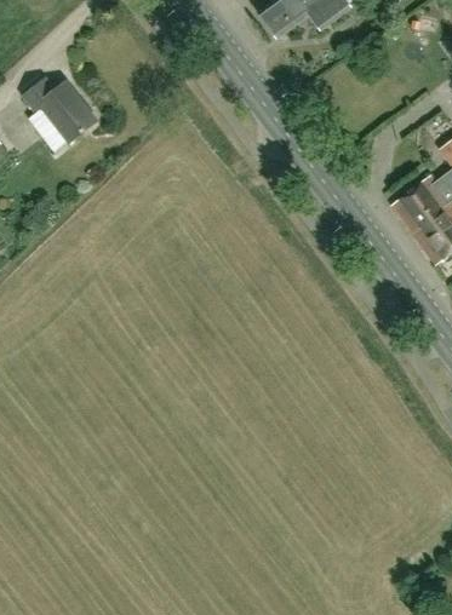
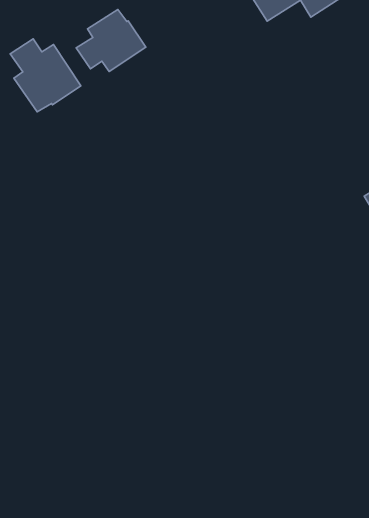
building: none -> [76,9,146,72]

